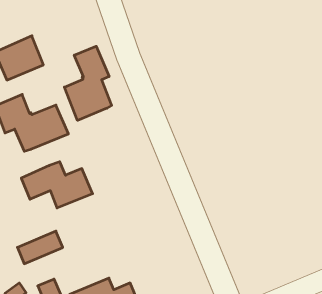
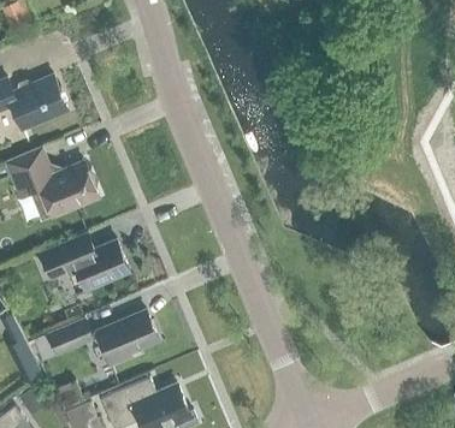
building: [64,46,112,120] -> none
building: none -> [96,310,158,365]

